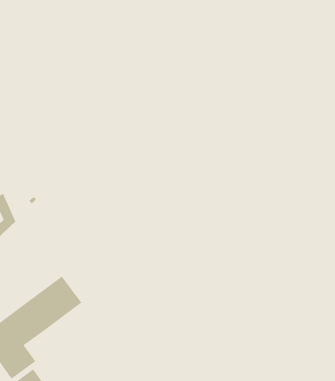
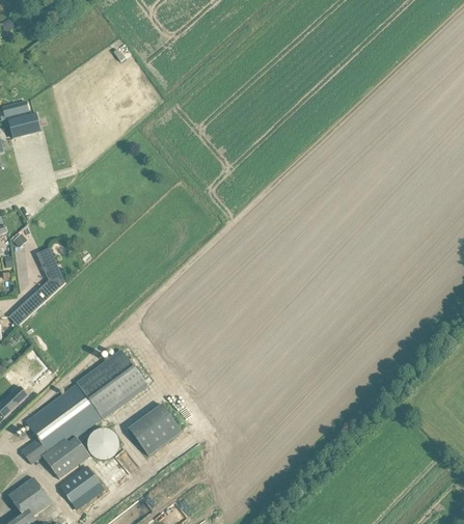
building: none -> [128,404,181,456]
building: none -> [88,424,116,452]

